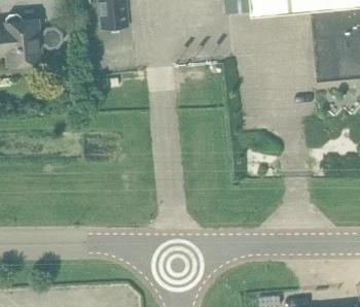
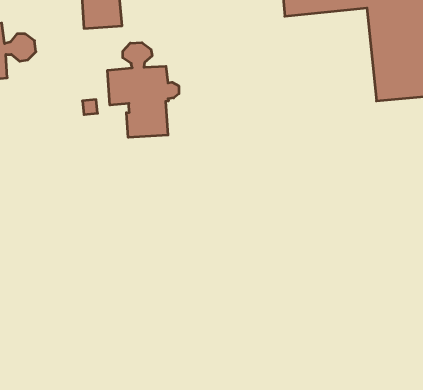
building: none -> [108,43,179,137]

